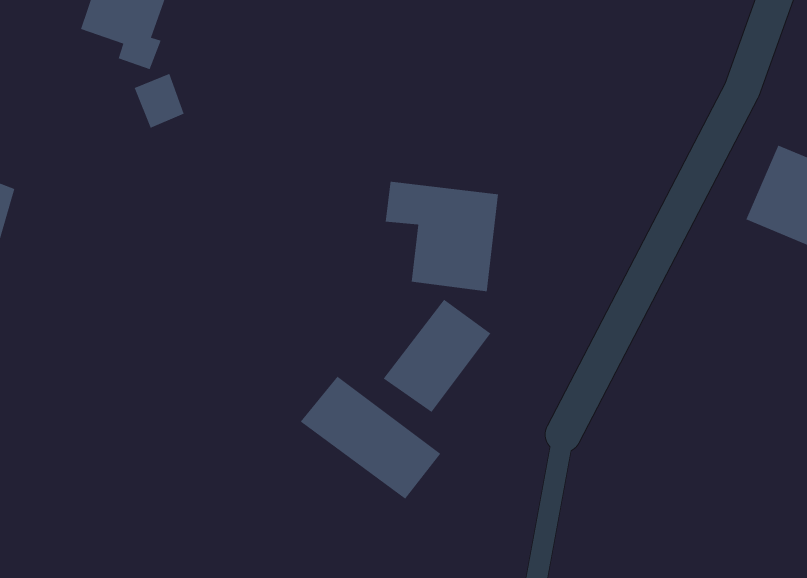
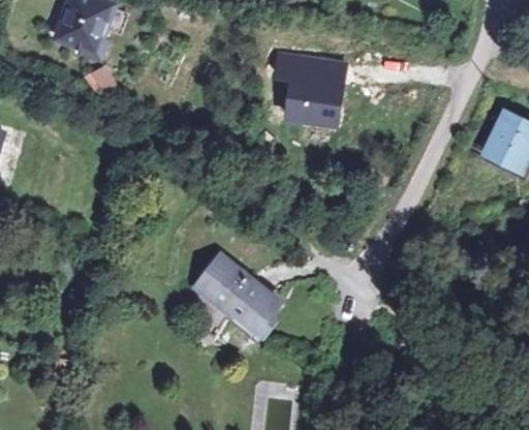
building: [385,181,499,292] -> [278,52,350,122]
building: [383,299,491,413] -> none

